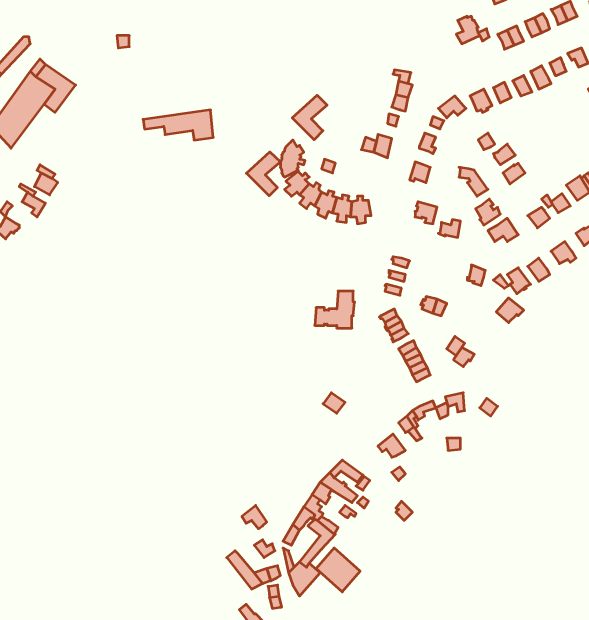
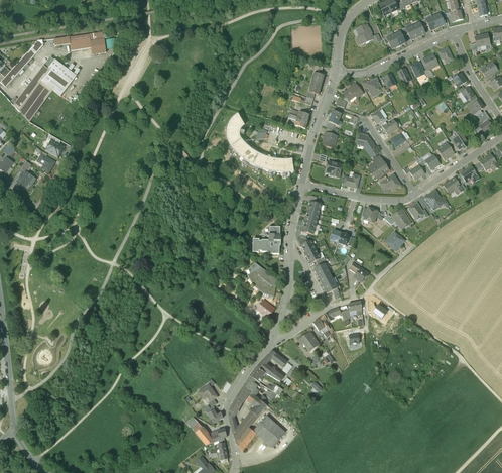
building: [292,95,327,140] -> none
building: [143,110,213,140] -> [53,31,105,53]
building: [246,152,280,196] -> none
building: none -> [247,261,276,295]

